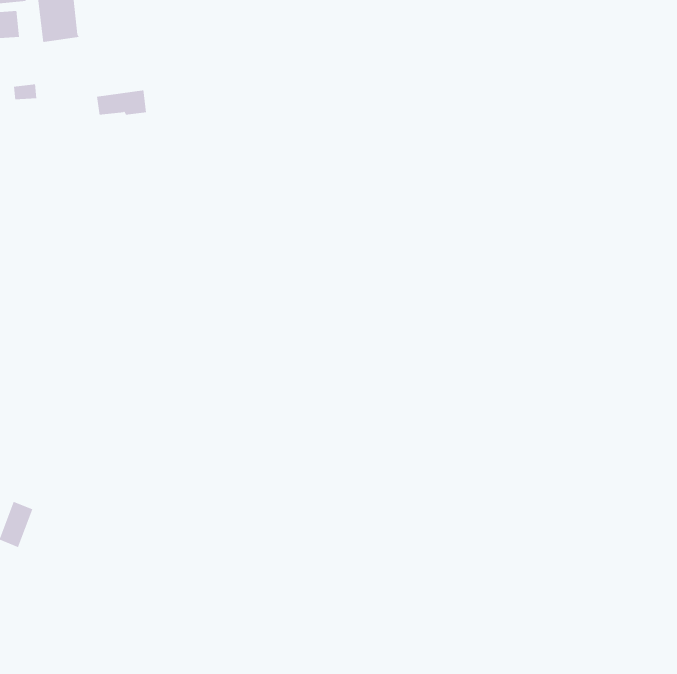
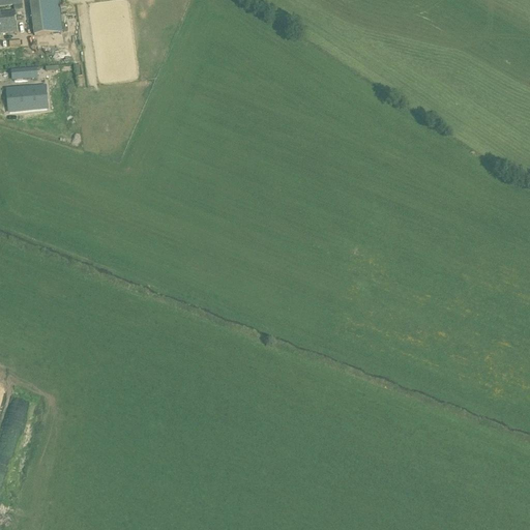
building: [96,90,147,115] -> [7,87,47,107]

